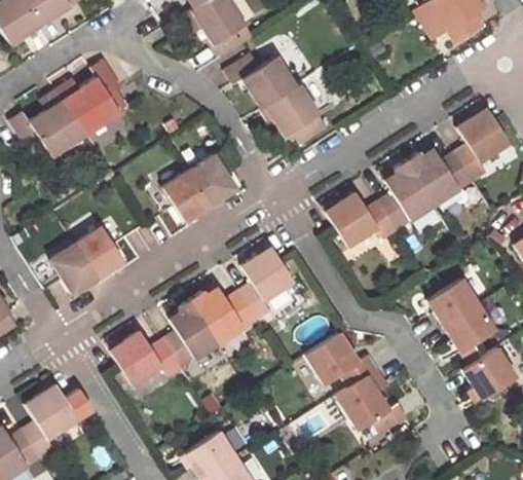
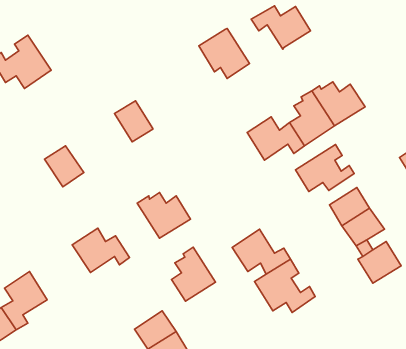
building: [226,53,299,107] -> [251,6,310,49]
building: [55,62,121,135] -> none
building: [453,108,509,180] -> none
building: [188,155,237,208] -> none
building: none -> [296,145,354,192]
building: [50,245,99,295] -> none
building: [238,247,295,319] -> none
building: [163,299,218,366] -> [171,247,216,301]

